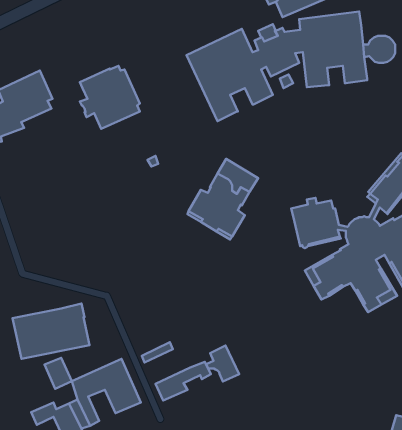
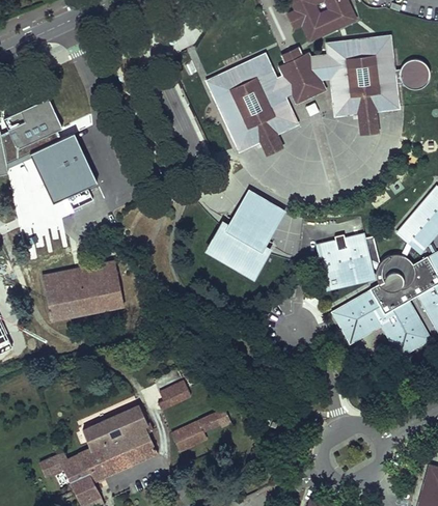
building: [80,66,140,129] -> [29,135,93,202]
building: none -> [356,92,379,134]
building: none -> [252,116,283,154]
building: [13,304,89,359] -> [42,260,124,319]
building: [206,345,239,382] -> none
building: [45,358,72,389] -> [101,439,130,472]

